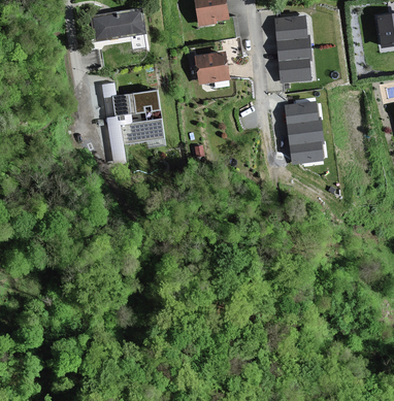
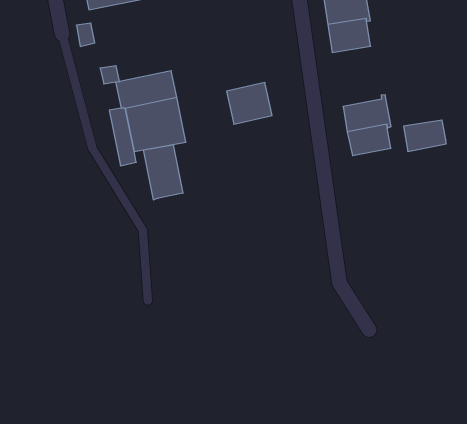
building: [195,52,229,82] -> [227,82,272,124]
building: [285,102,317,125] -> [404,120,446,151]
building: none -> [143,145,183,200]

